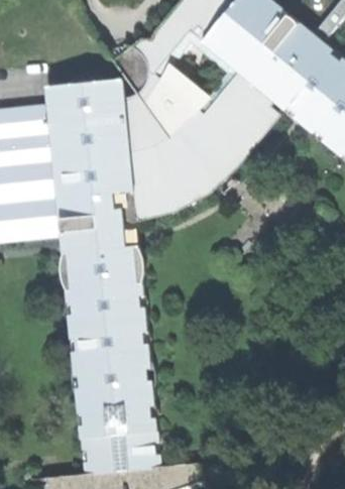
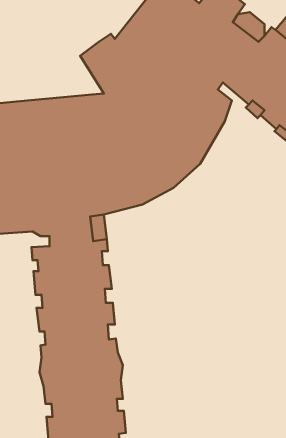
building: [45,76,124,106] -> none

